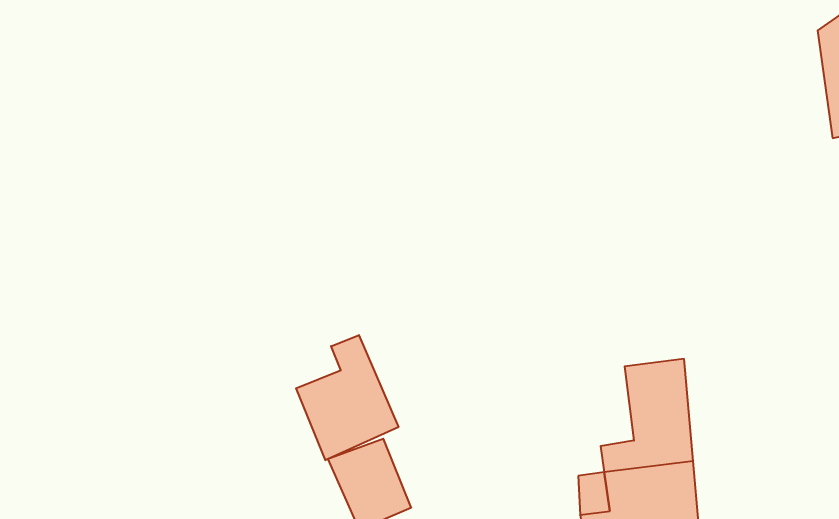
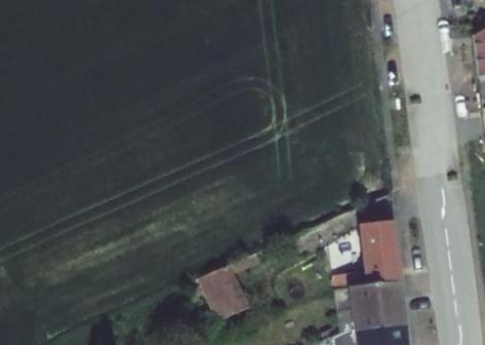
building: [296,335,398,460] -> none

